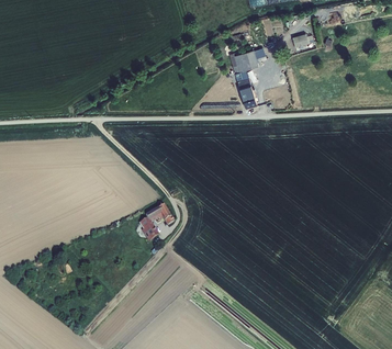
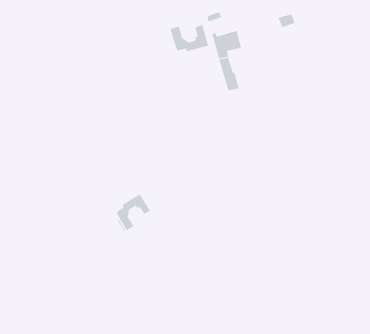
building: none -> [170,24,209,52]

